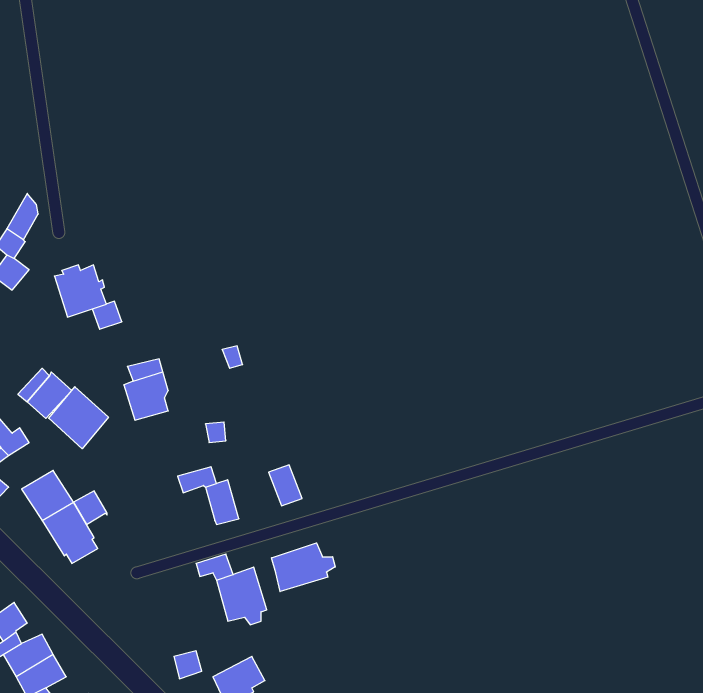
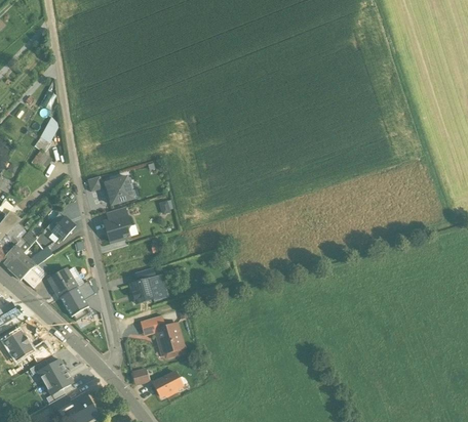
building: [54,265,106,317] -> [104,175,132,204]
building: [49,387,108,449] -> none
building: none -> [129,277,154,301]
building: [272,543,335,592] -> none

